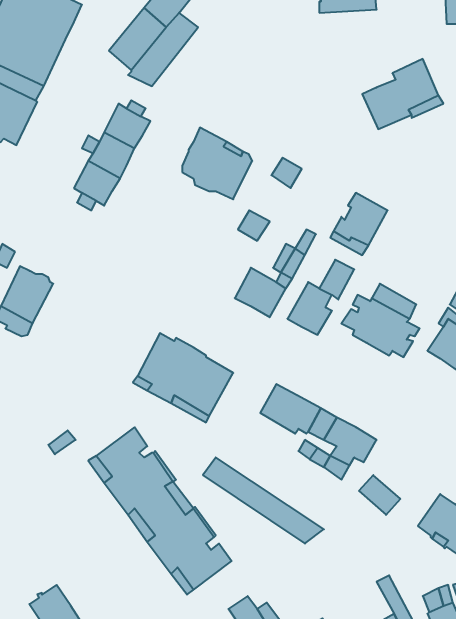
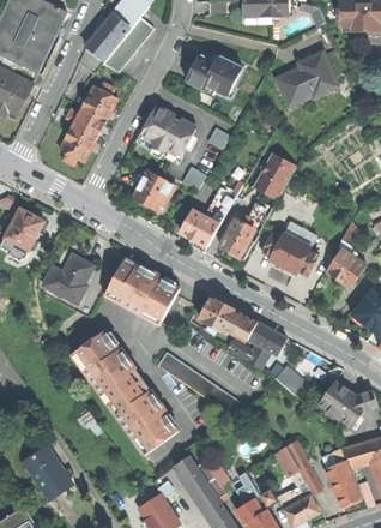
building: none -> [186,55,241,96]
building: none -> [131,168,175,210]
building: none -> [42,257,92,304]

